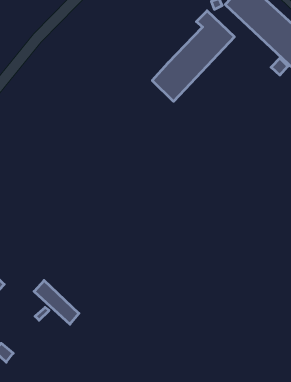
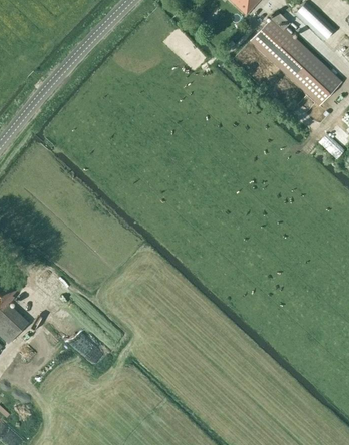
building: [152,11,234,101] -> none

